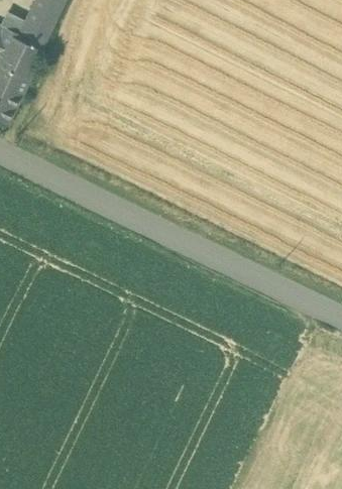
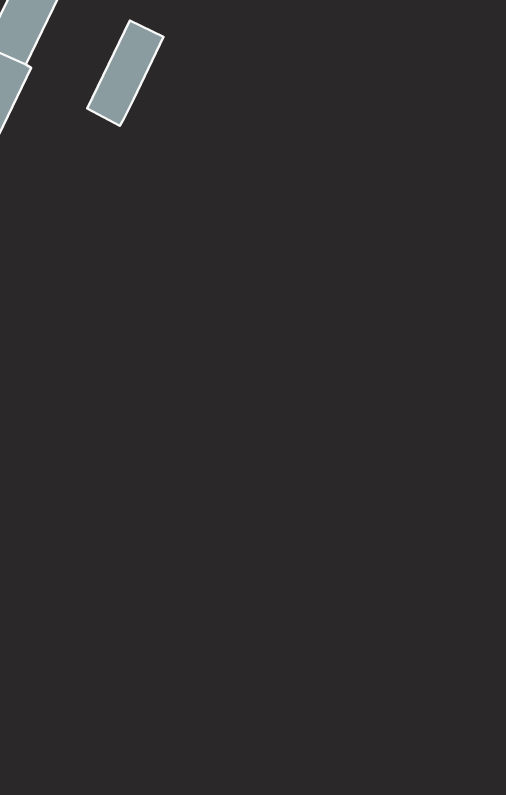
building: none -> [87,20,163,126]

